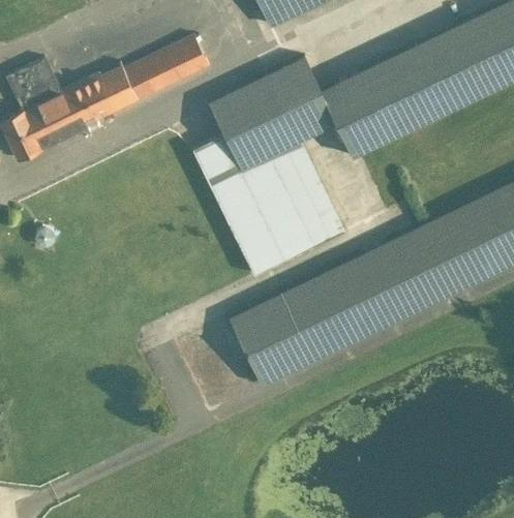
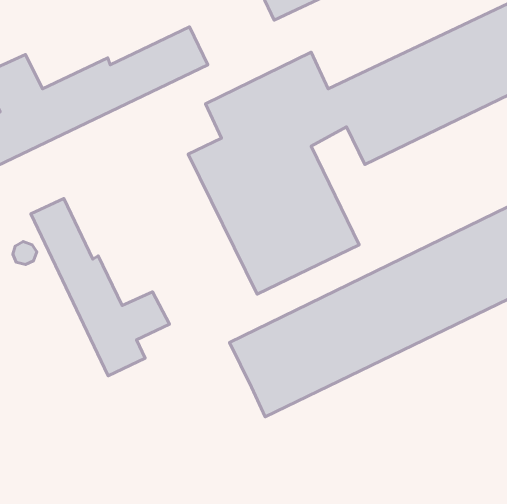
building: none -> [31,198,169,376]

